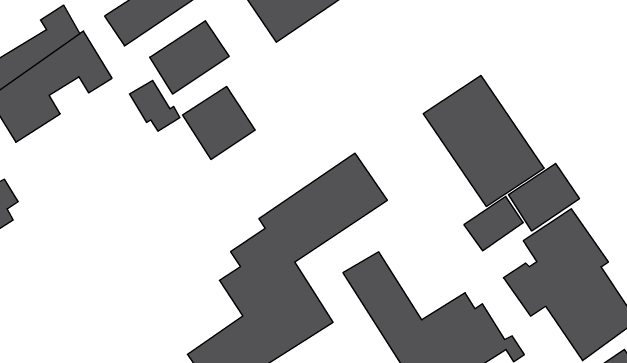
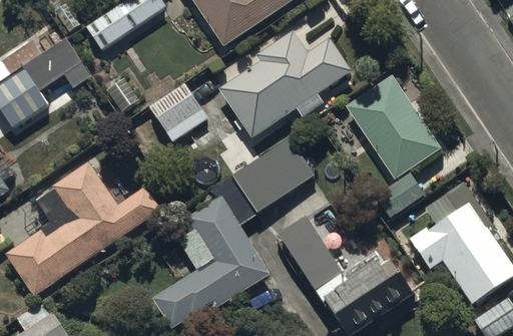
building: [150,21,229,94] -> none
building: none -> [220,31,353,138]
building: [509,163,579,231] -> none
building: none -> [5,160,161,297]

